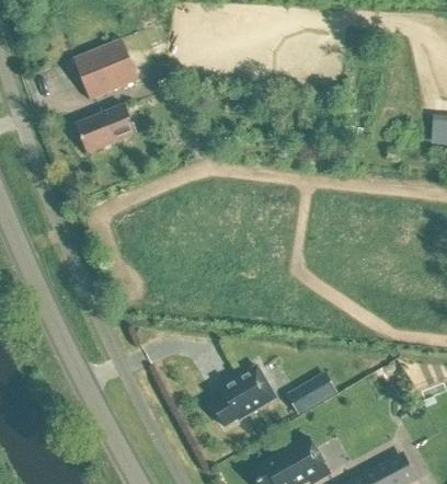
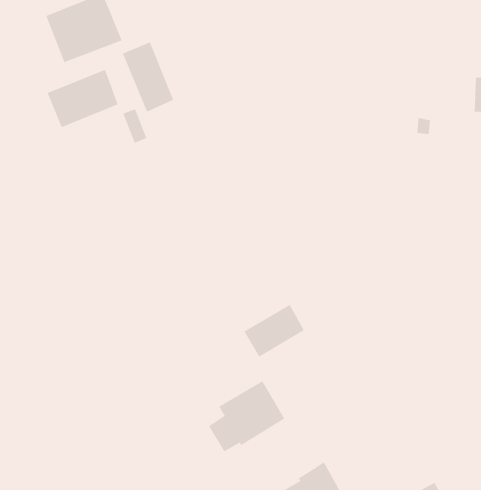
building: none -> [122,42,174,112]
building: [285,371,336,416] -> [243,304,304,358]

